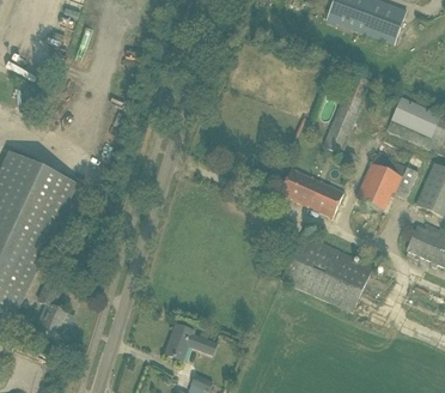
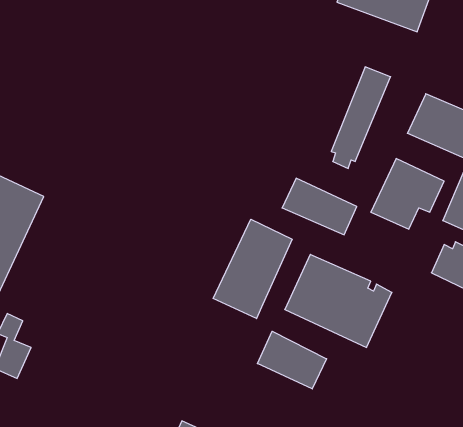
building: none -> [213,219,292,319]
building: none -> [257,331,327,389]
building: [164,324,217,359] -> none

